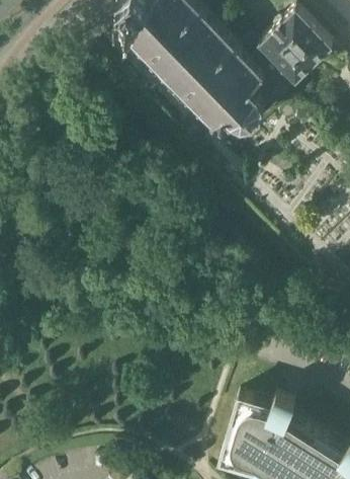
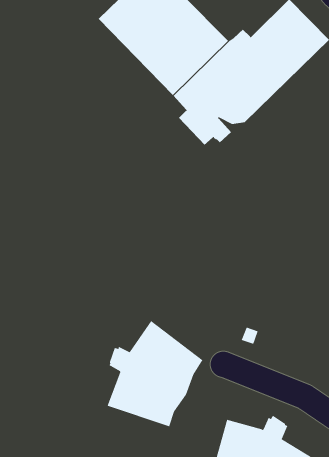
building: none -> [107,320,203,427]

